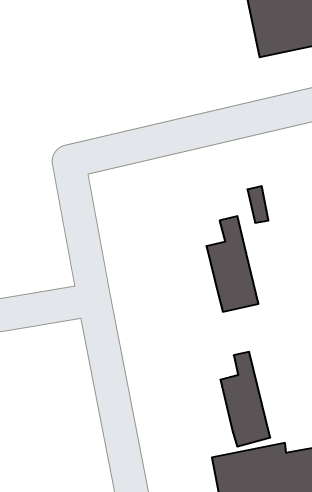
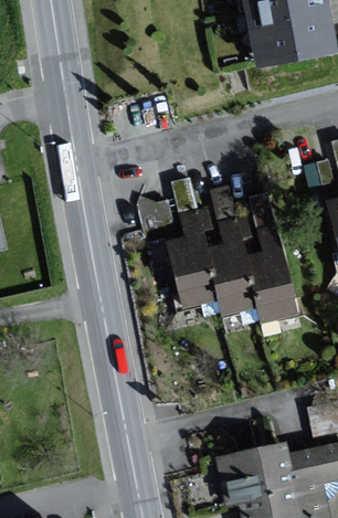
building: none -> [169,211,221,306]
building: [220,352,270,446] -> [249,228,298,321]

